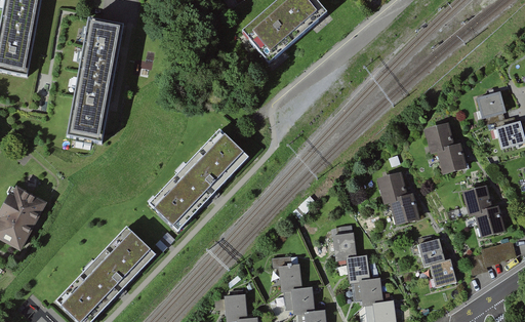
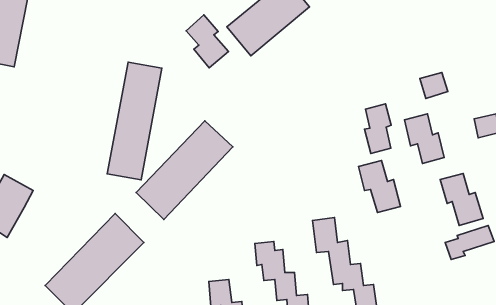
building: none -> [186,15,228,68]
building: [66,22,122,143] -> [107,62,162,180]
building: [477,90,506,117] -> [420,73,448,98]
building: none -> [364,104,391,153]
building: [417,237,455,285] -> none

